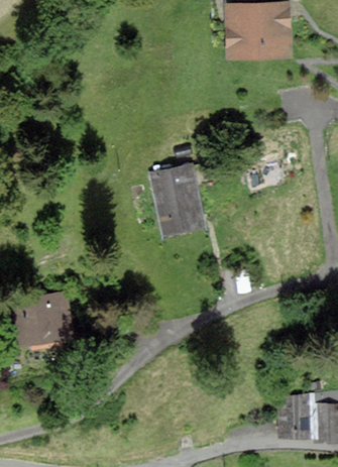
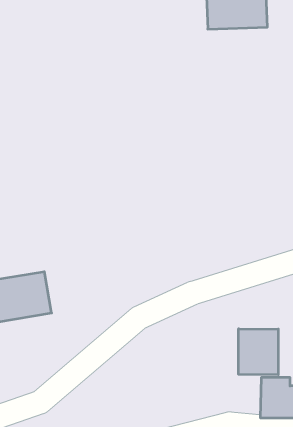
building: [152,167,202,233] -> none
building: none -> [239,329,278,375]

